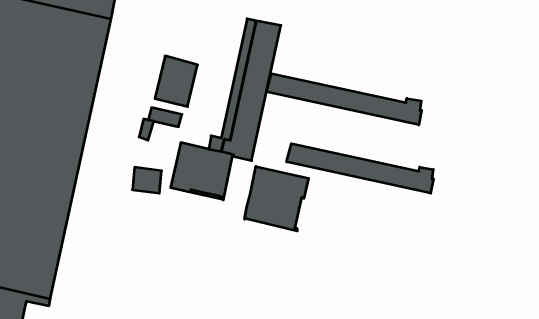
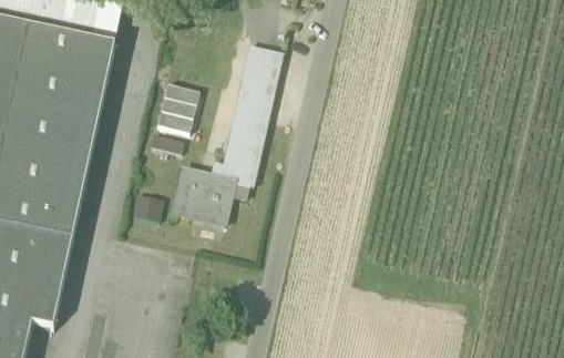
building: [266,74,422,125] -> none
building: [287,144,433,193] -> none
building: [245,166,309,231] -> none

